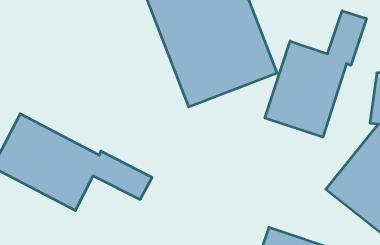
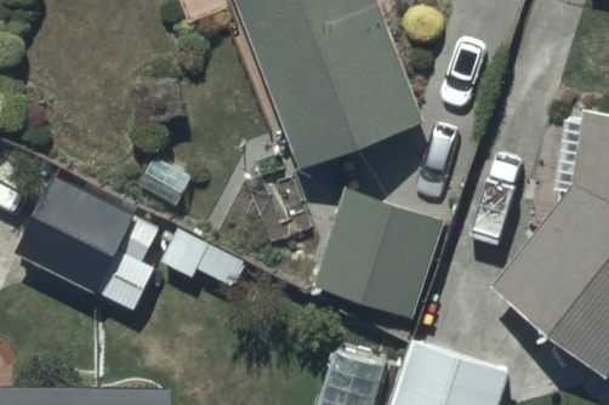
building: [265,11,366,137] -> none
building: none -> [313,188,446,323]

